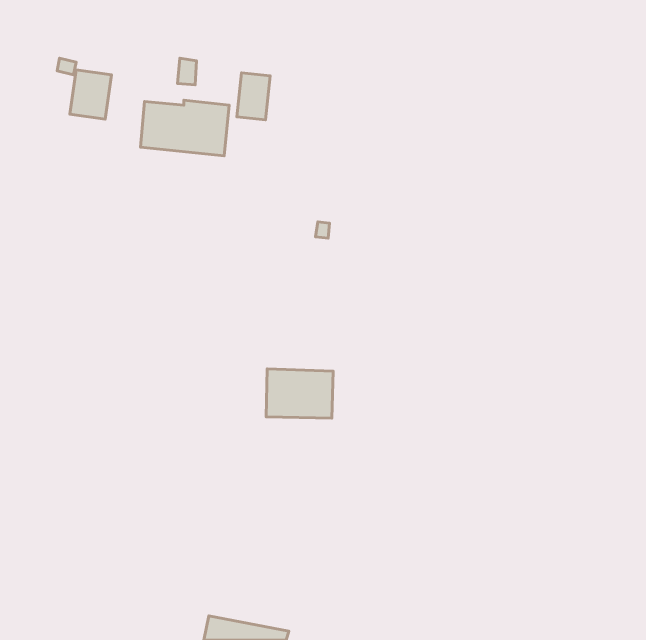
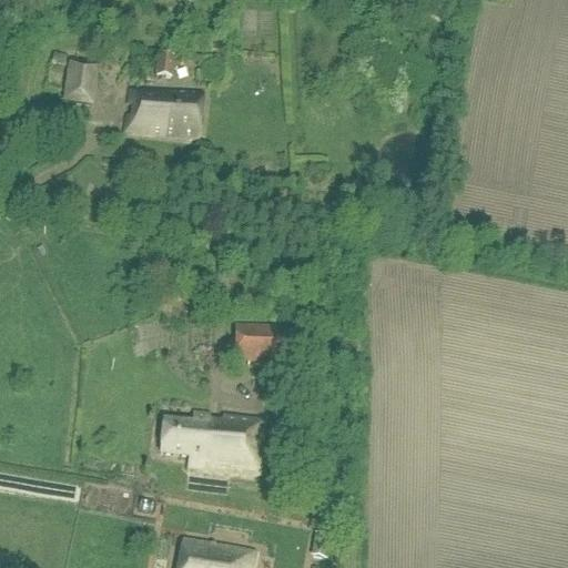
building: [237,73,270,120] -> none
building: none -> [161,409,263,471]

